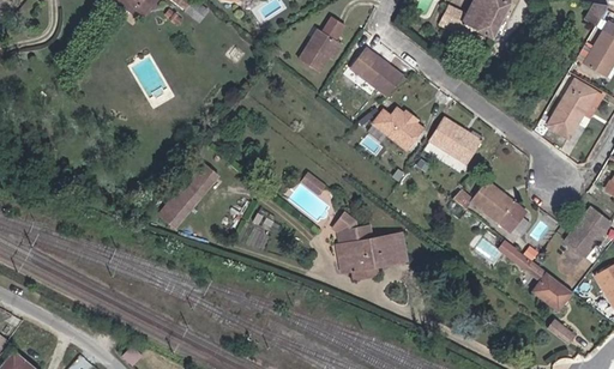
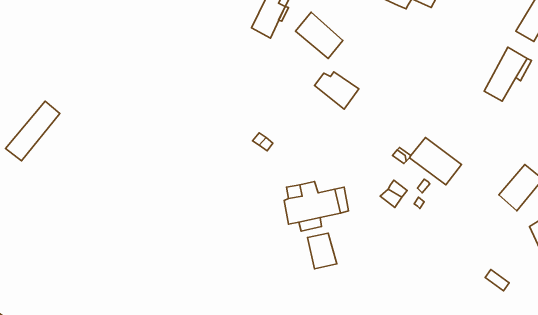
building: [421,117,474,162] -> none
building: [156,161,213,224] -> [6,101,60,161]
building: [492,237,571,306] -> none
building: none -> [307,233,337,269]

